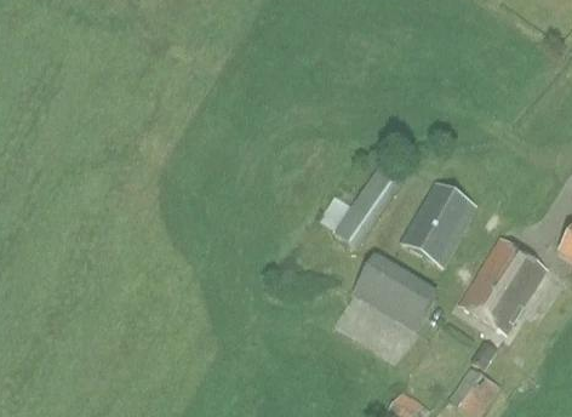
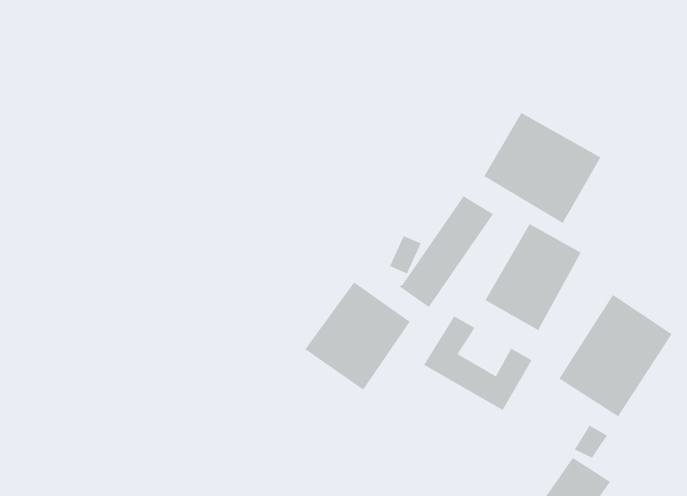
building: none -> [484,112,601,224]
building: none -> [304,281,411,391]

